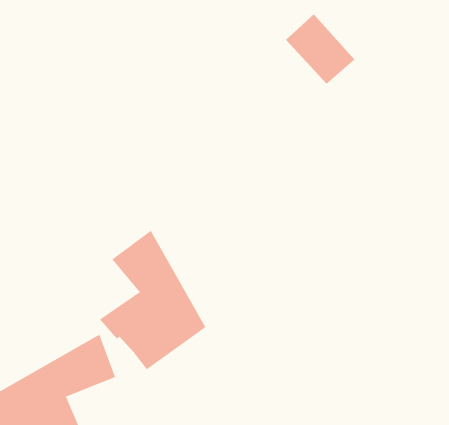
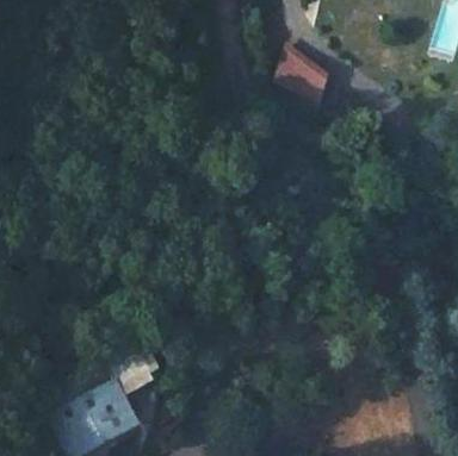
building: [99,230,206,370] -> none

